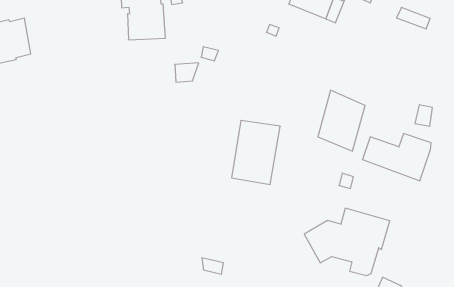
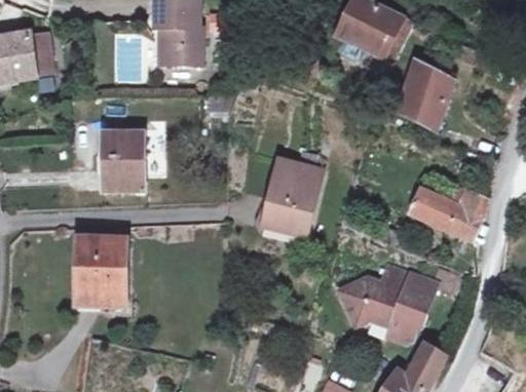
building: [318,90,365,151] -> [399,61,453,129]
building: none -> [103,131,144,191]
building: none -> [76,237,126,301]

